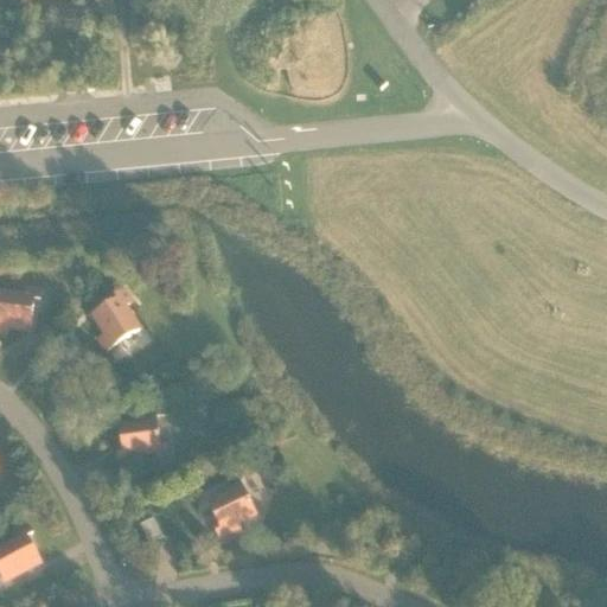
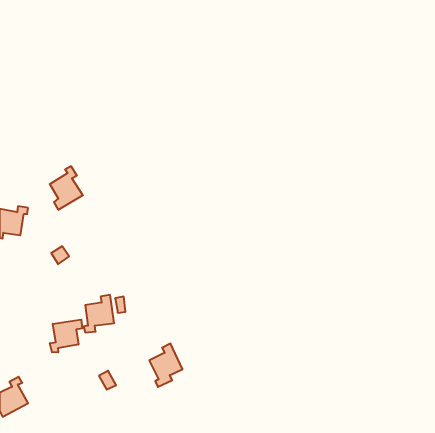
building: [92,288,139,349] -> [50,166,83,210]
building: none -> [50,320,82,352]

